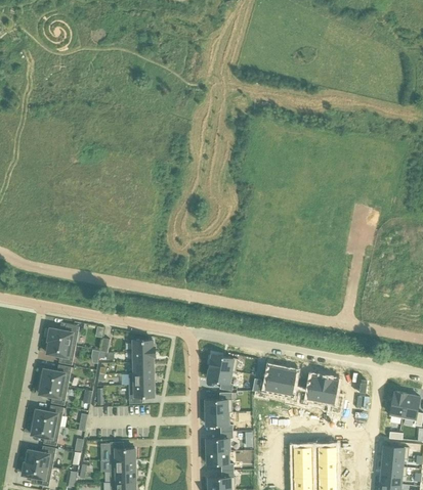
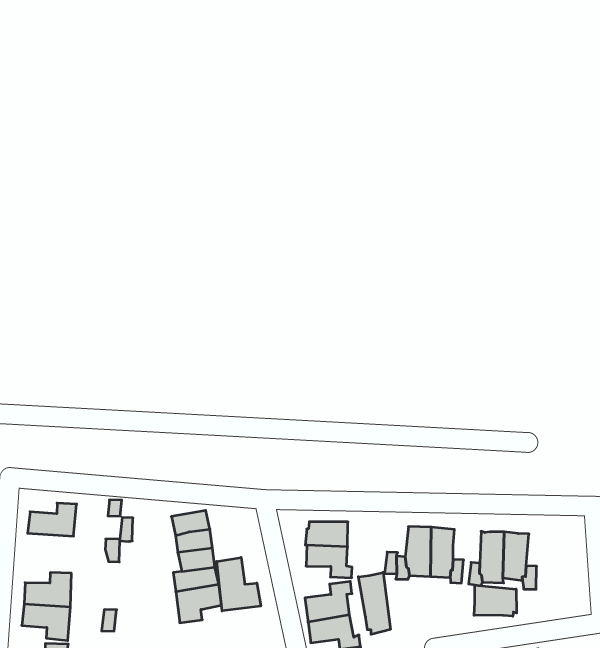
building: [45,340,74,364] -> none
building: none -> [217,557,261,611]
building: none -> [358,572,390,634]
building: none -> [474,585,517,616]

